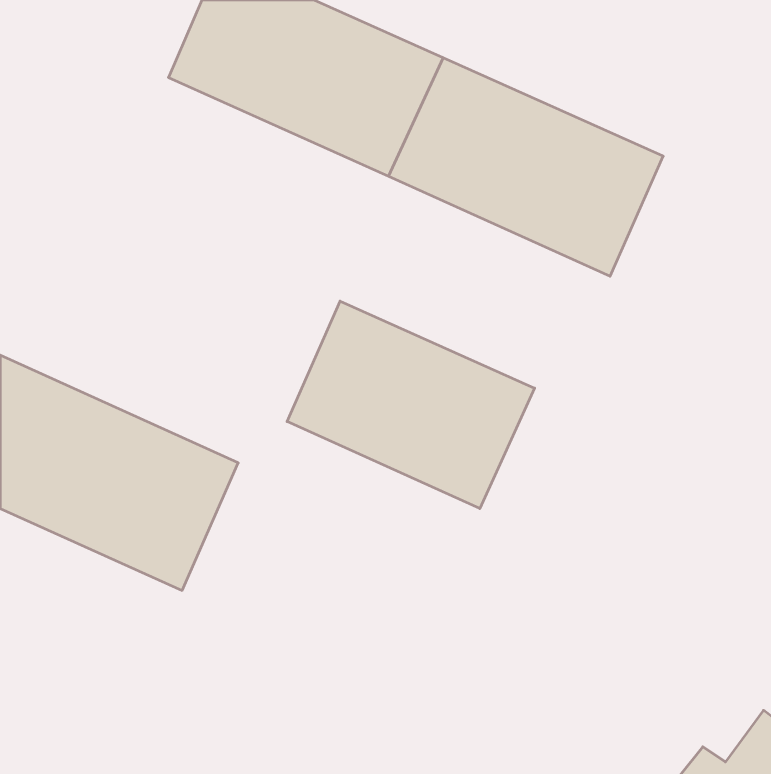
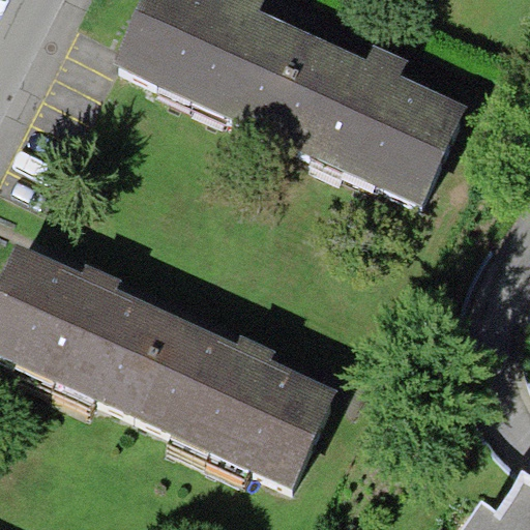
building: [287,301,535,509] -> none
building: none -> [127,317,332,477]

